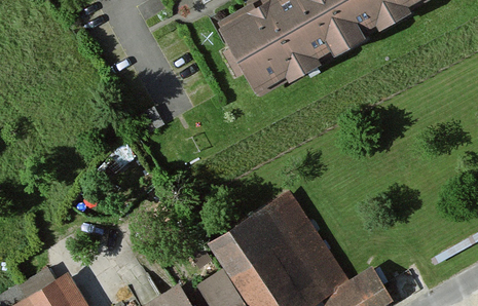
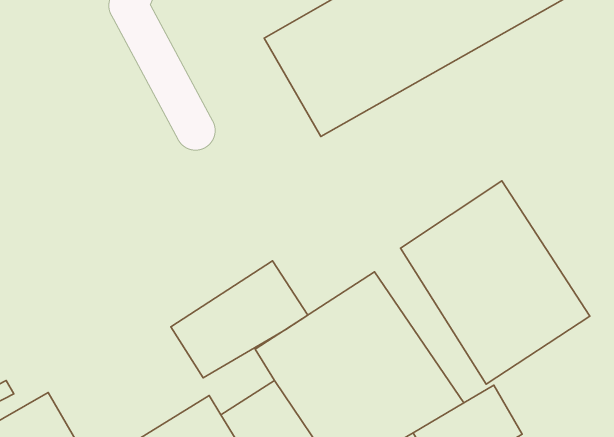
building: none -> [400,181,590,384]
building: none -> [171,261,308,378]

